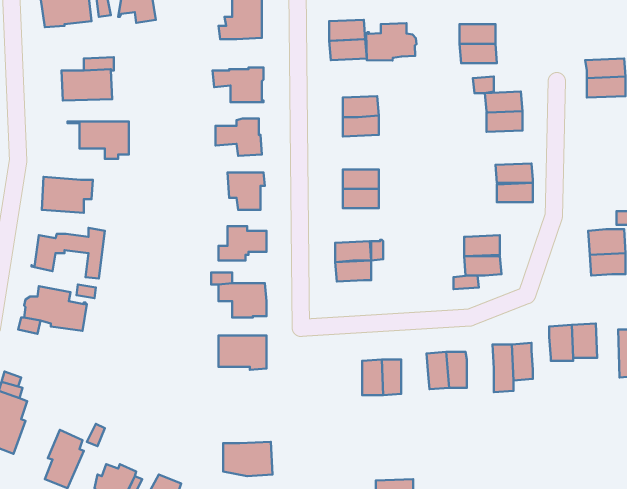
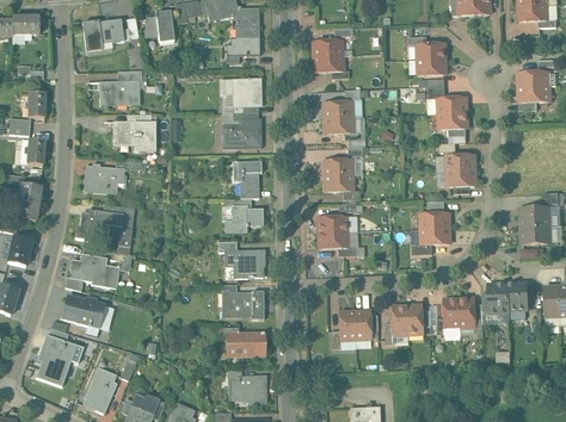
building: [366,23,416,61] -> none
building: none -> [61,294,105,327]
building: none -> [226,331,264,355]

